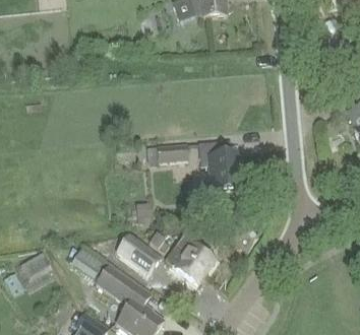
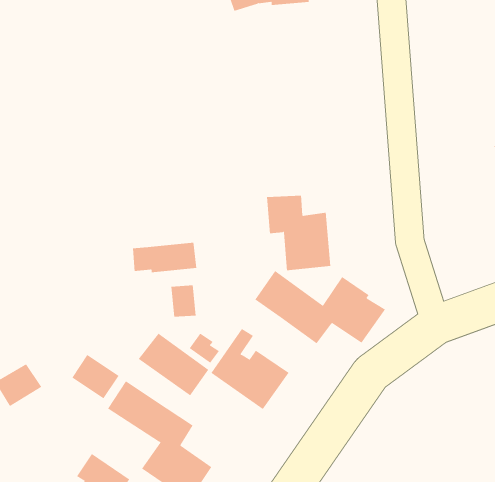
building: [146,143,189,163] -> [132,242,197,273]
building: none -> [254,270,386,344]

